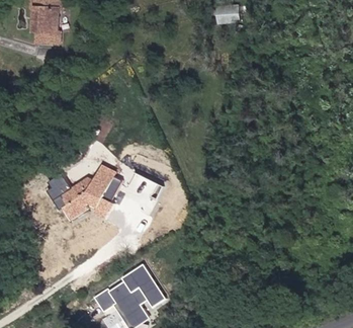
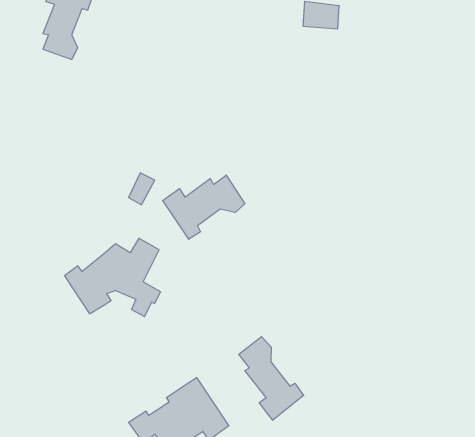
building: none -> [163,175,245,239]
building: none -> [239,337,304,420]

